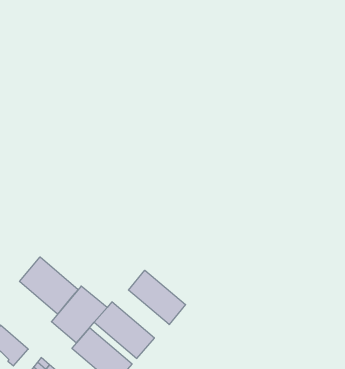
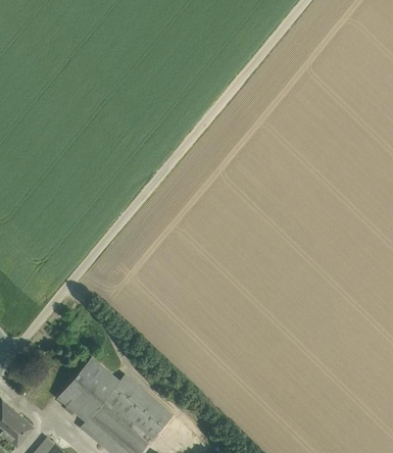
building: [20,257,78,314] -> none
building: [128,270,186,325] -> none

